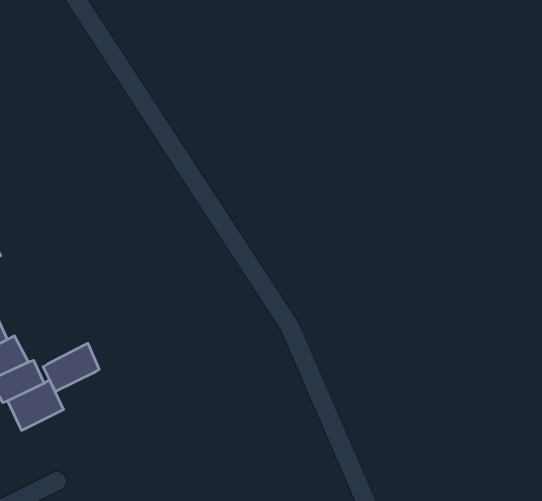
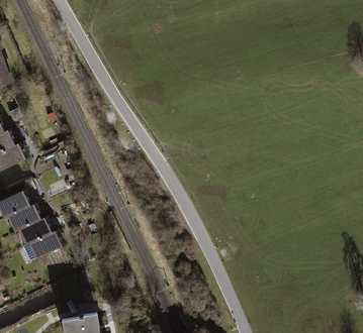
building: [43,343,99,391] -> none

